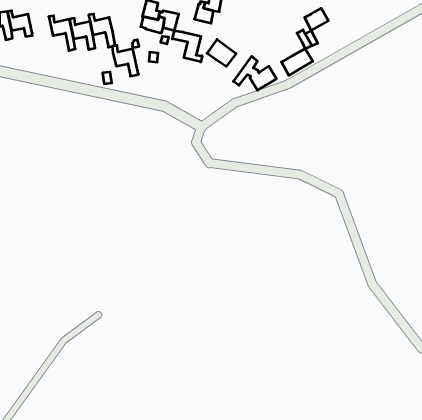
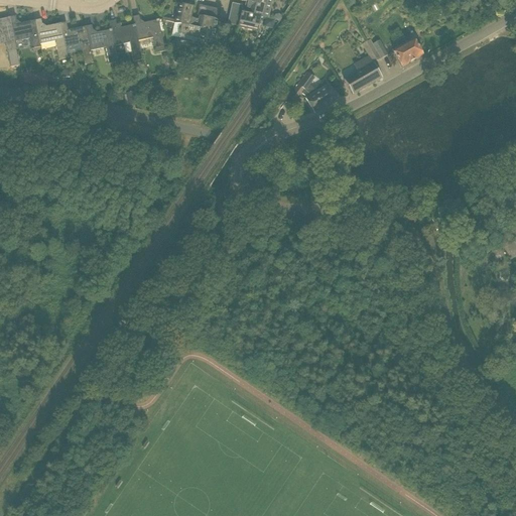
building: [305,8,328,31] -> [392,36,421,63]
building: none -> [34,16,67,56]
building: [172,31,202,62] -> none
building: [207,39,236,66] -> none
building: [112,45,139,76] -> [132,12,164,49]

